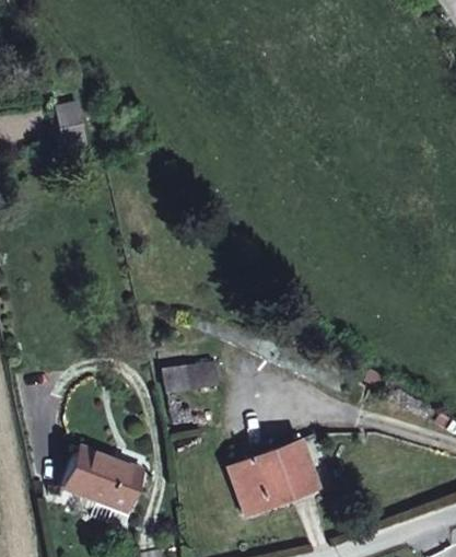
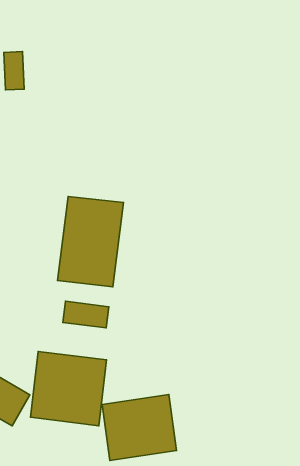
building: none -> [58,196,123,287]
building: none -> [30,351,106,426]

